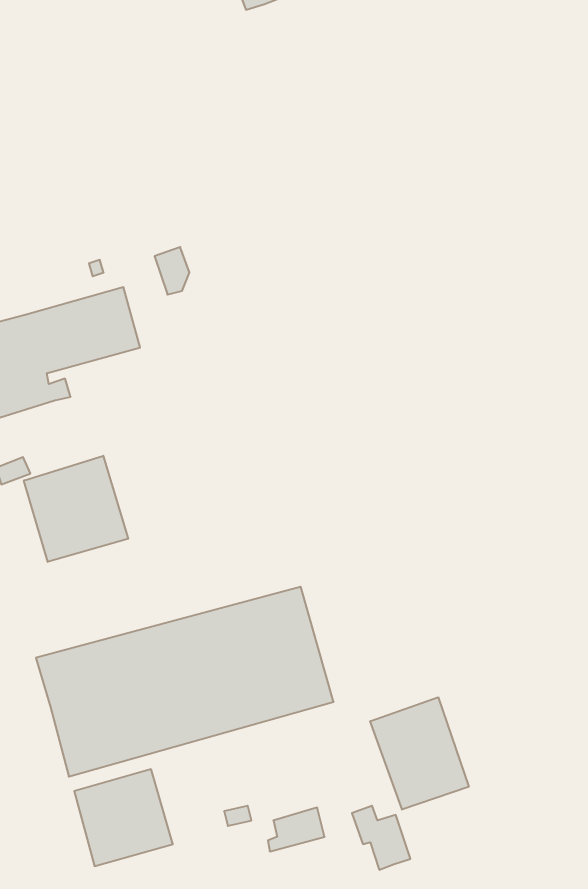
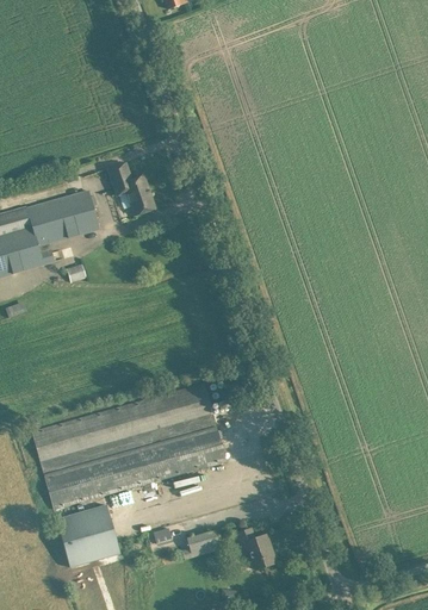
building: none -> [128,174,156,213]
building: [24,456,128,562] -> none
building: [370,697,469,810] -> none

